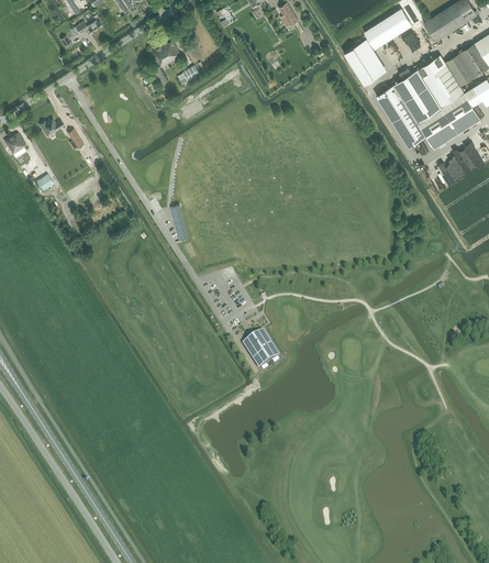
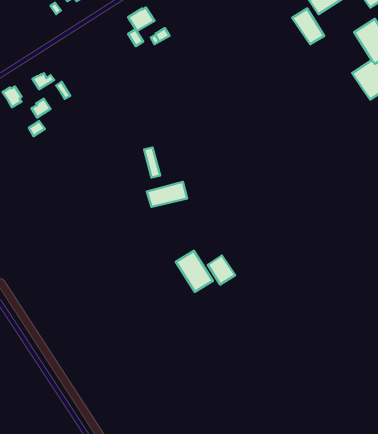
building: [377,69,437,146] -> none
building: none -> [147,182,187,207]
building: none -> [176,251,213,292]

